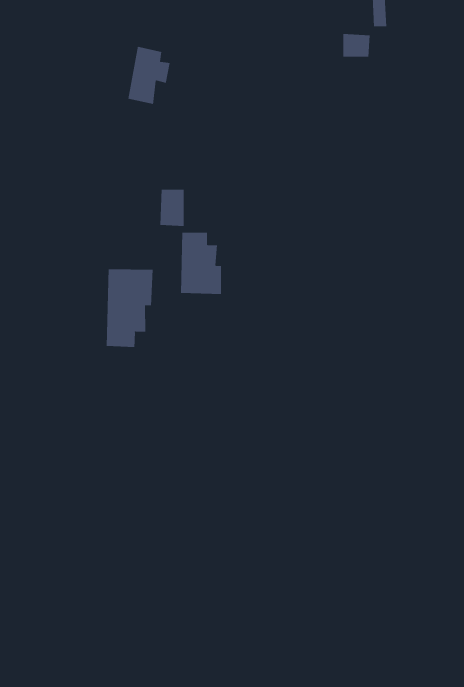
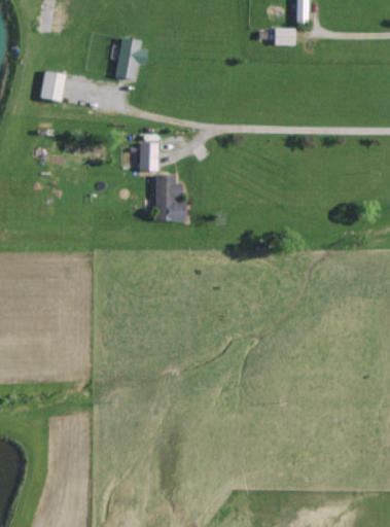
building: none -> [40,71,66,101]
building: [106,269,153,348] -> none

